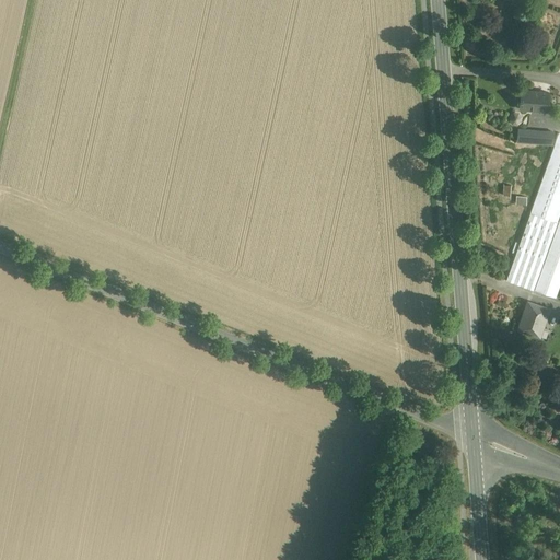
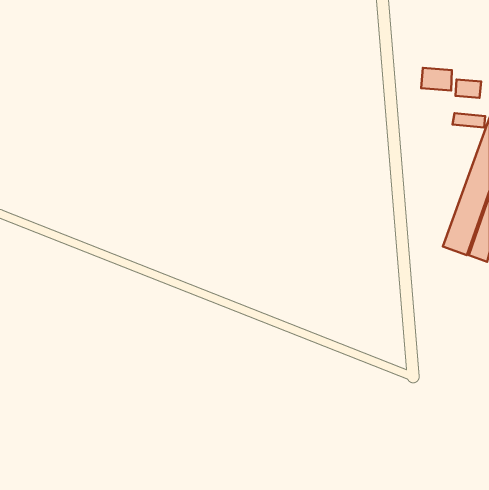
building: none -> [421,68,452,90]
building: [518,302,550,334] -> none

